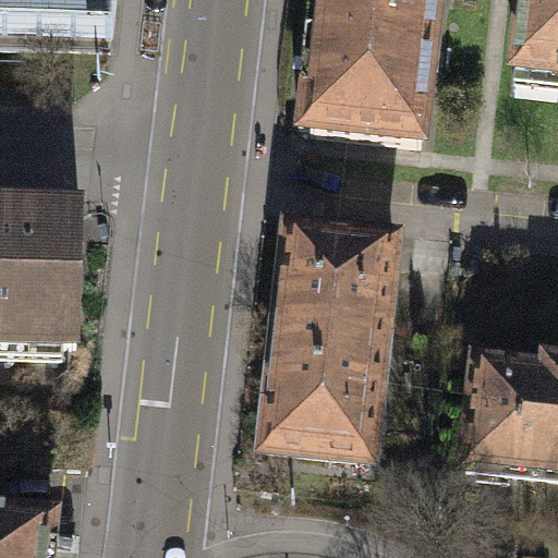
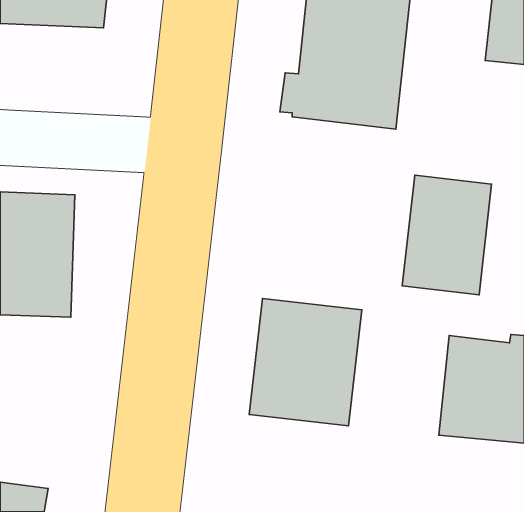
building: none -> [402,175,492,295]
building: [279,225,396,329] -> none

